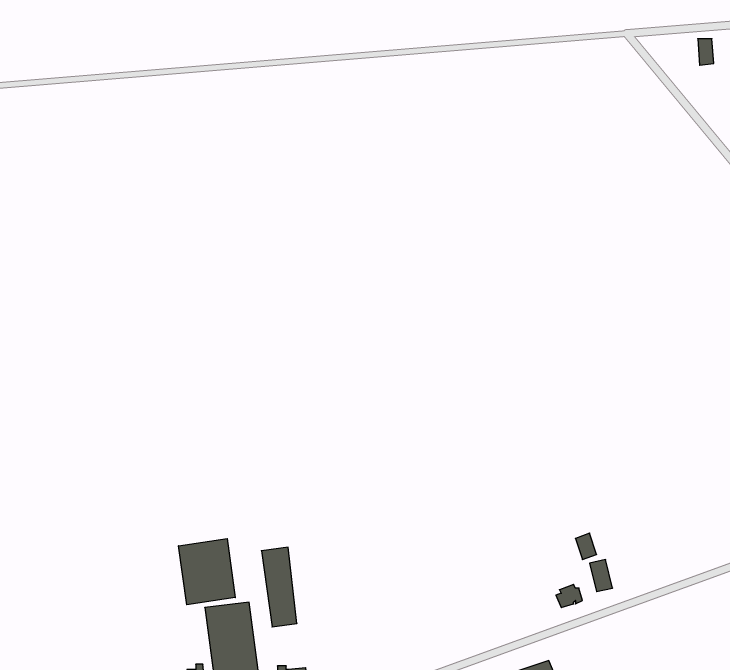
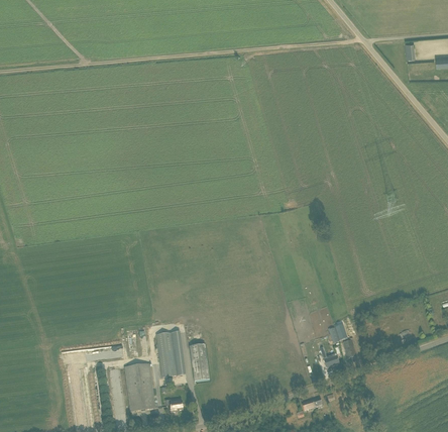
building: [179,539,235,605] -> none

